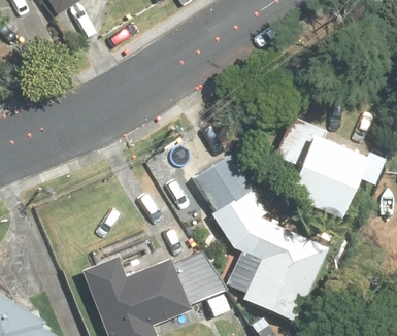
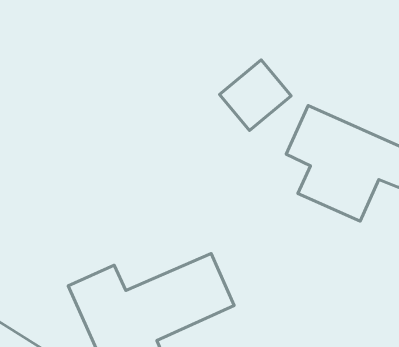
building: [192,158,256,221] -> [219,60,291,130]
building: [234,211,331,324] -> none

